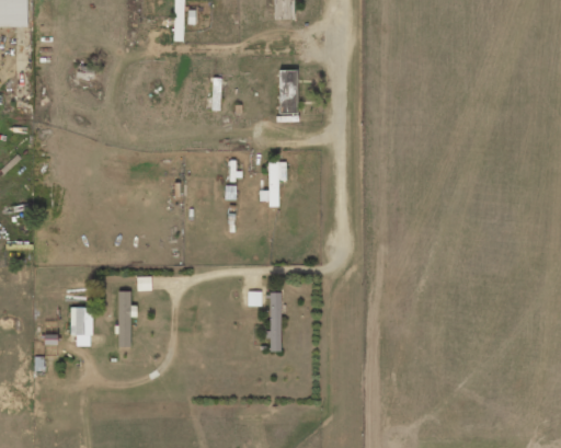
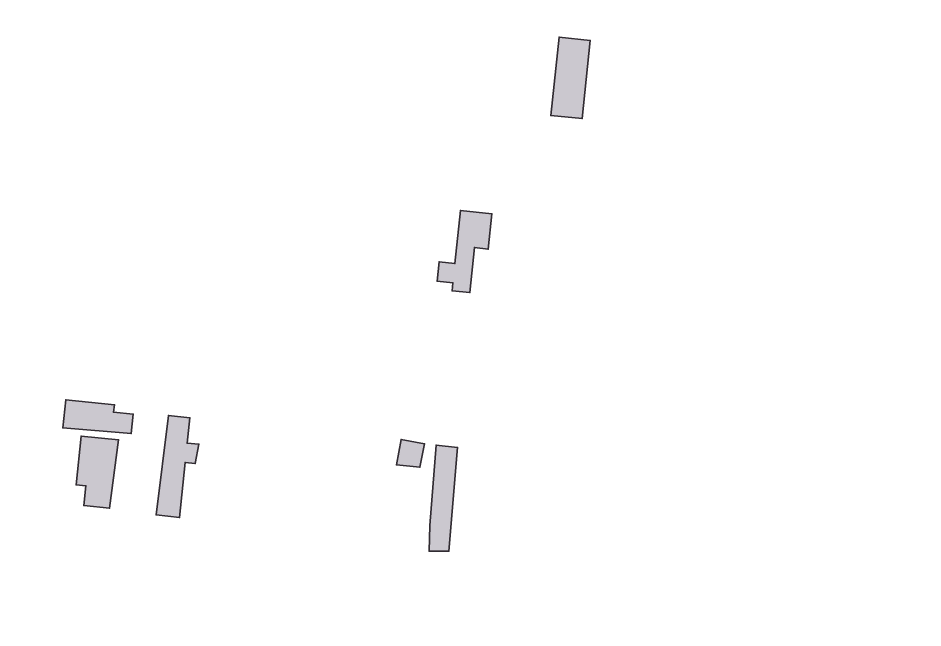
building: [279,70,297,114] -> [551,37,590,119]
building: none -> [63,400,133,433]

